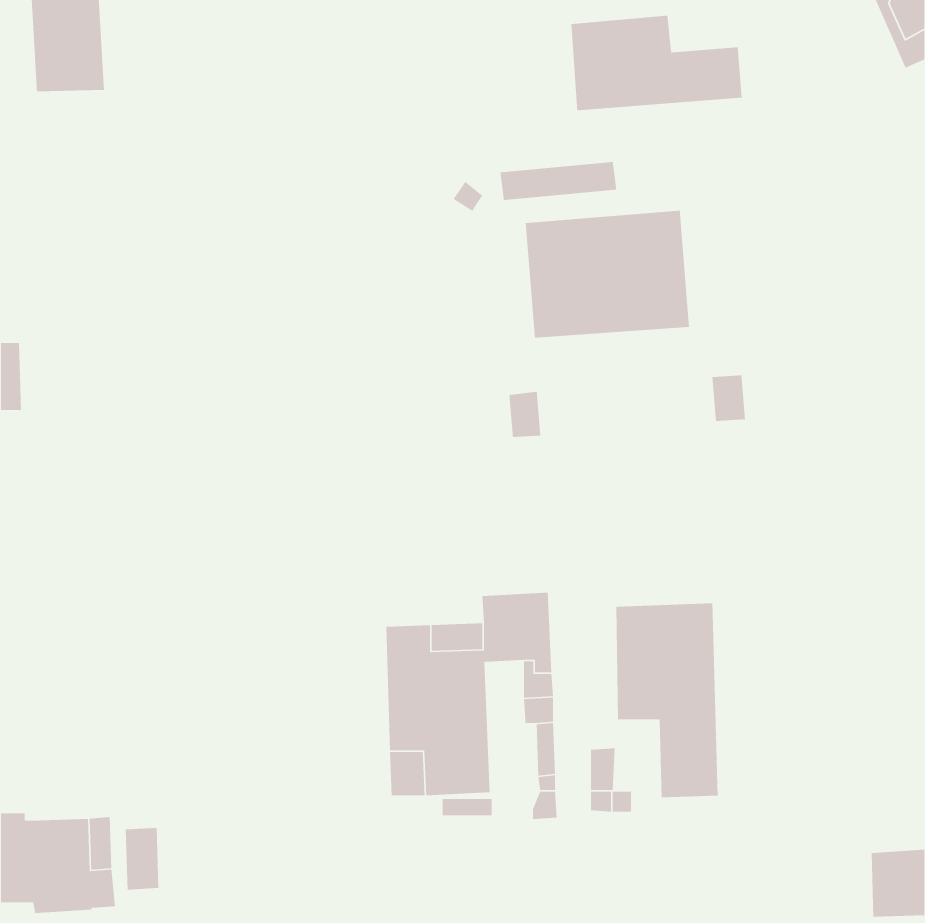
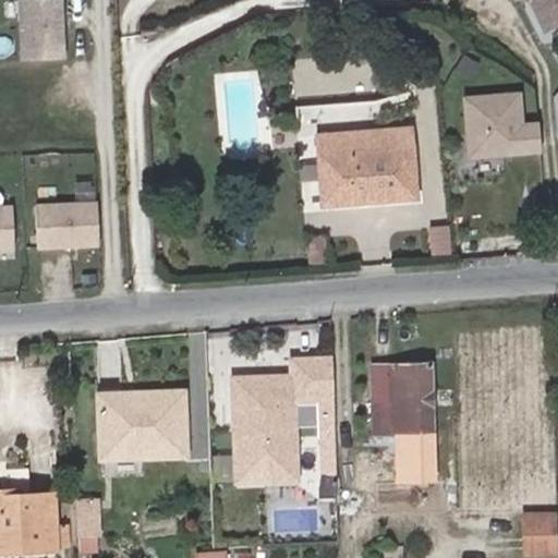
building: [571,15,742,111] -> none
building: none -> [463,92,541,157]
building: none -> [35,203,98,246]
building: none -> [98,391,191,459]

